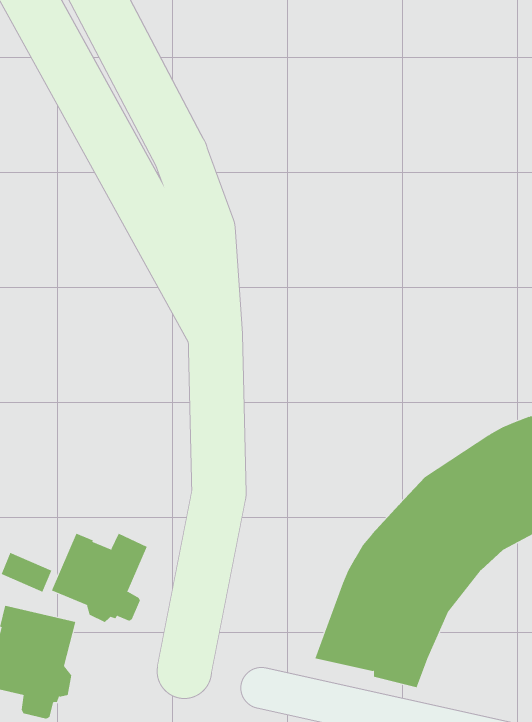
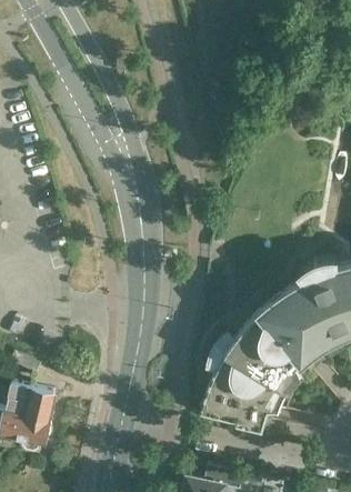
building: [51,533,147,623] -> none

